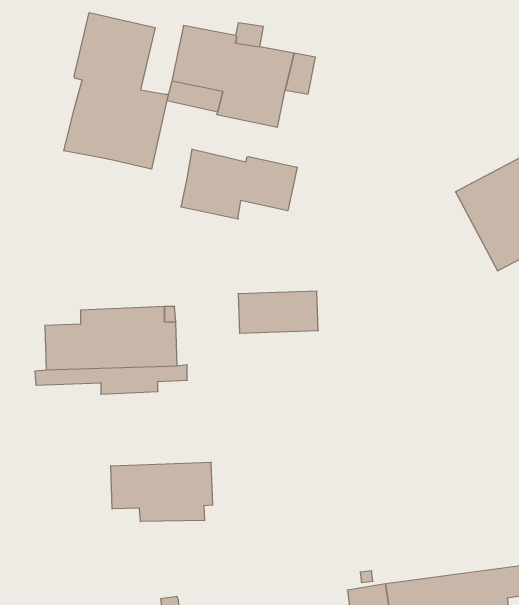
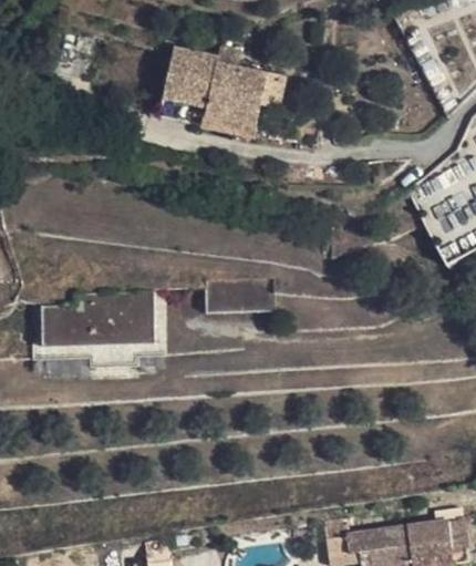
building: [64,13,168,169] -> none
building: [181,149,297,219] -> none
building: [111,462,212,522] -> none

